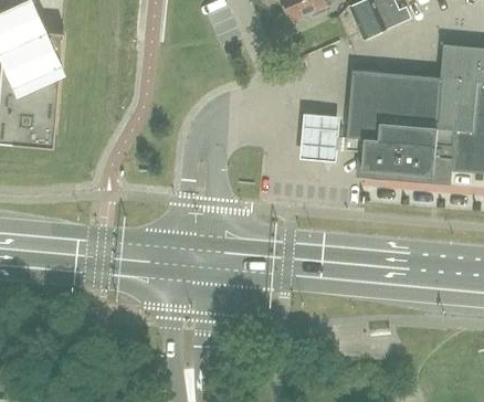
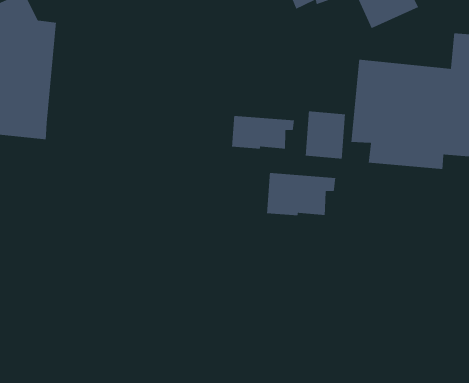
building: none -> [231,115,295,149]
building: none -> [266,172,336,216]

